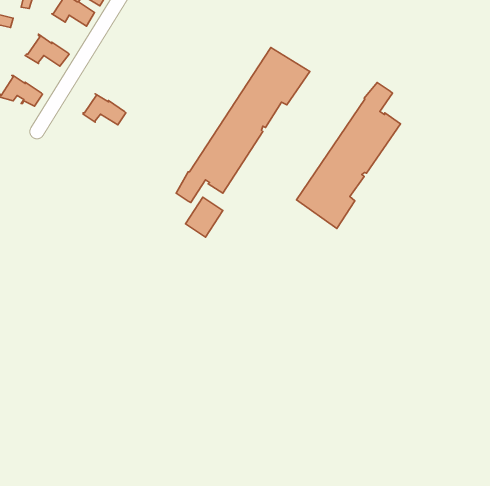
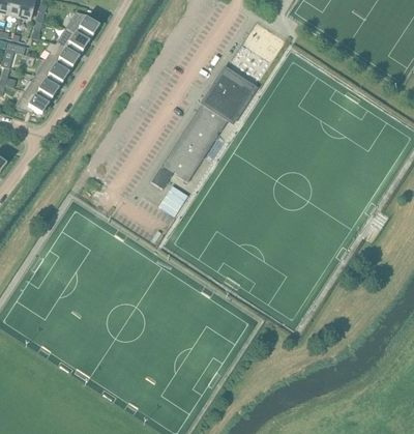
building: none -> [46,40,80,66]
building: [296,83,400,228] -> none
building: [83,94,126,125] -> [26,74,59,97]

